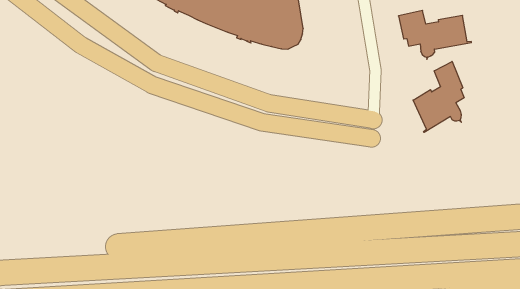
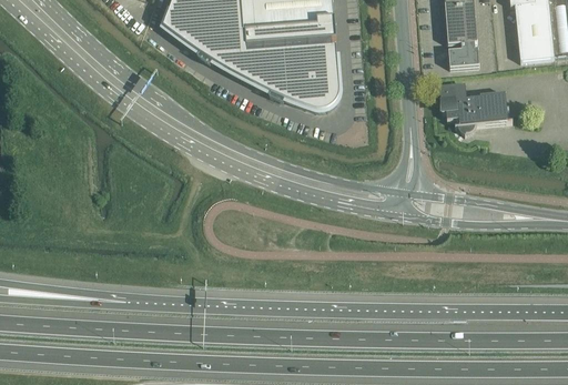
building: [413,61,464,132] -> none

